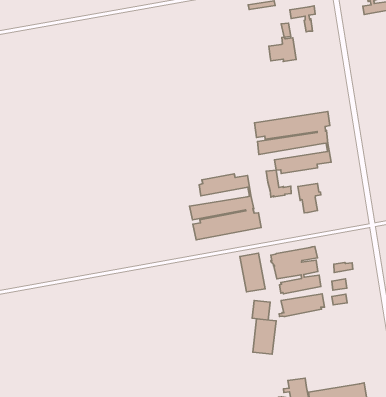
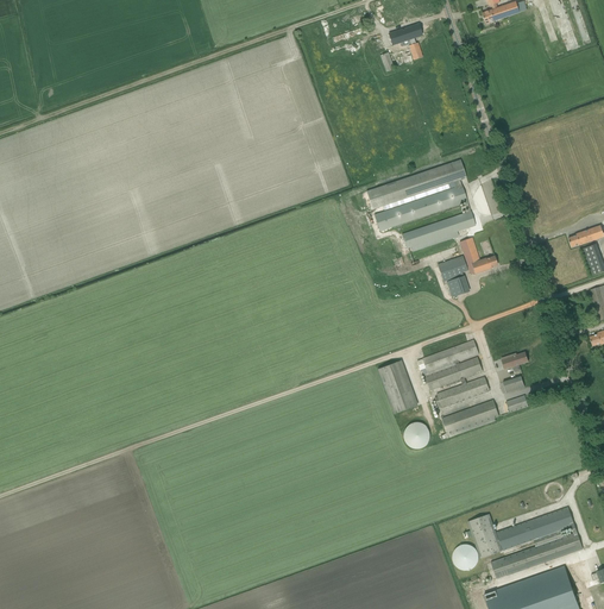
building: [269,37,296,62] -> none
building: [266,170,291,197] -> [459,238,497,275]
building: [190,174,261,240] -> none
building: [253,319,276,354] -> none

